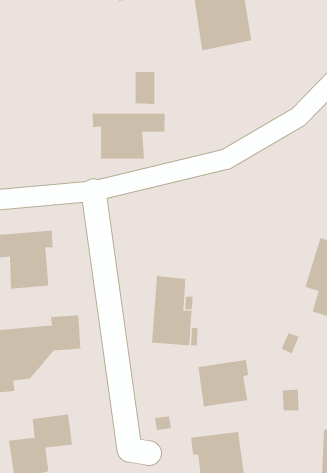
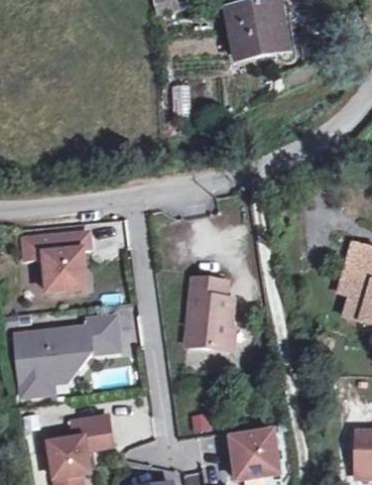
building: [92,113,165,159] -> none
building: [198,359,249,407] -> none

